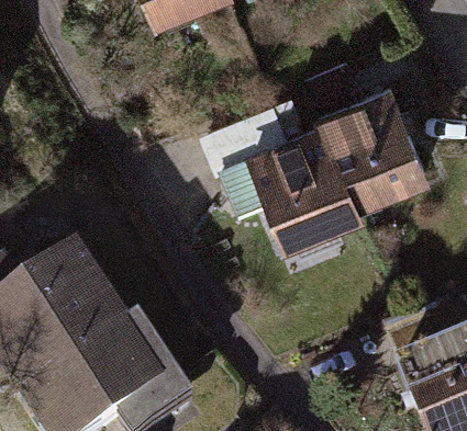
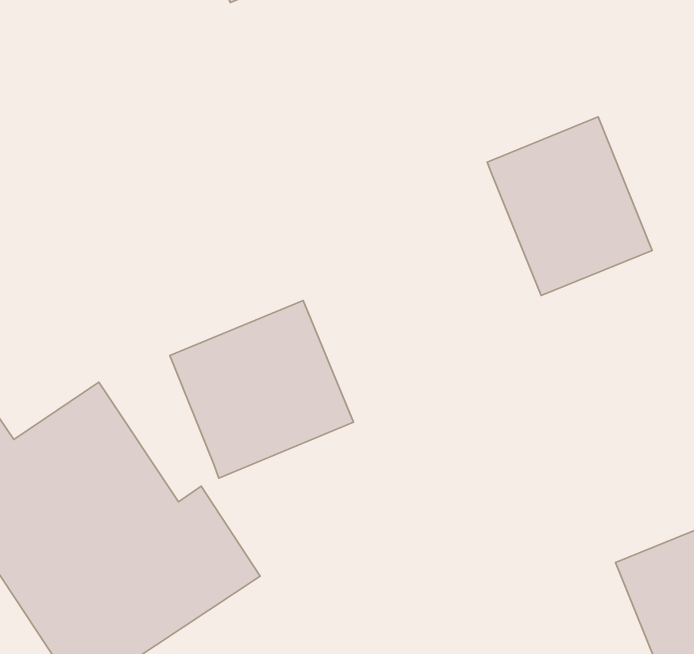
building: [210,104,360,238] -> none
building: none -> [170,301,353,478]

